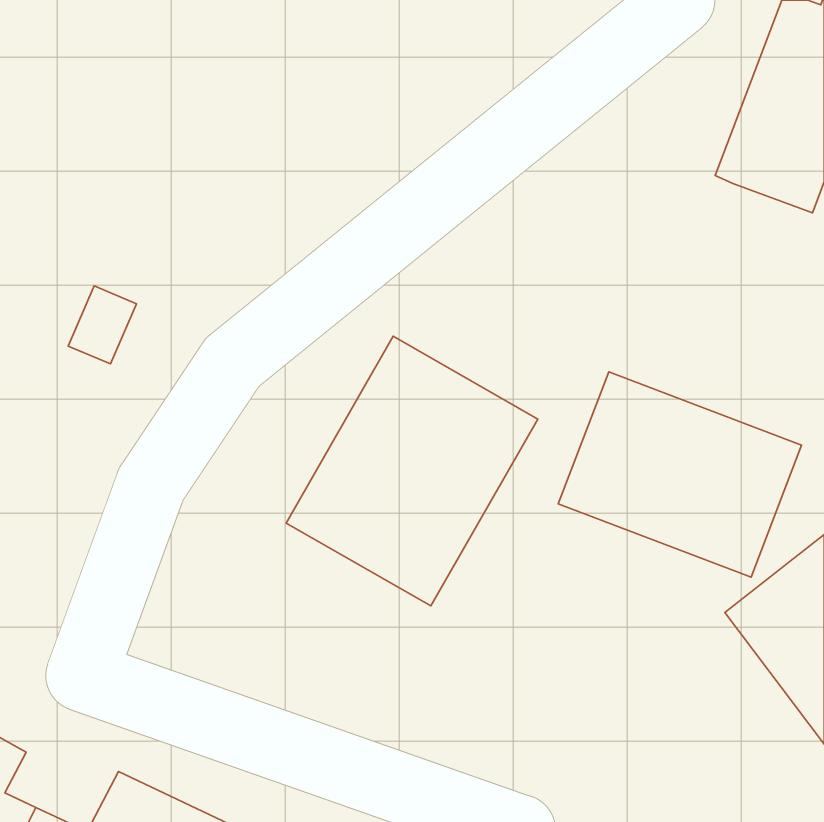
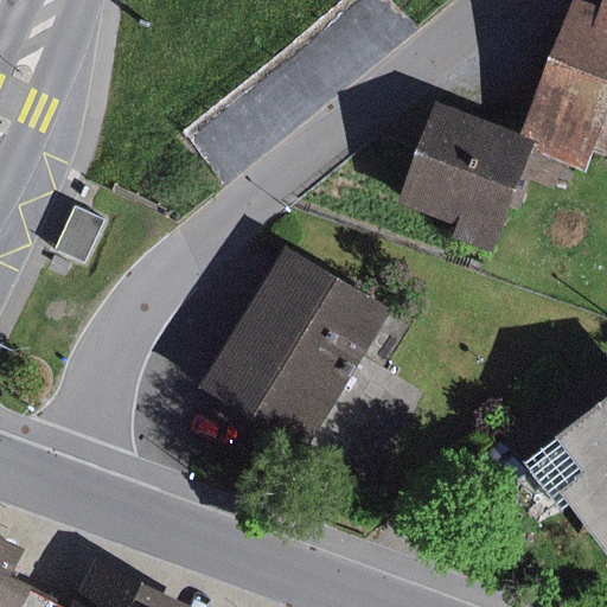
building: none -> [402,104,535,239]
building: [558,372,801,577] -> none

